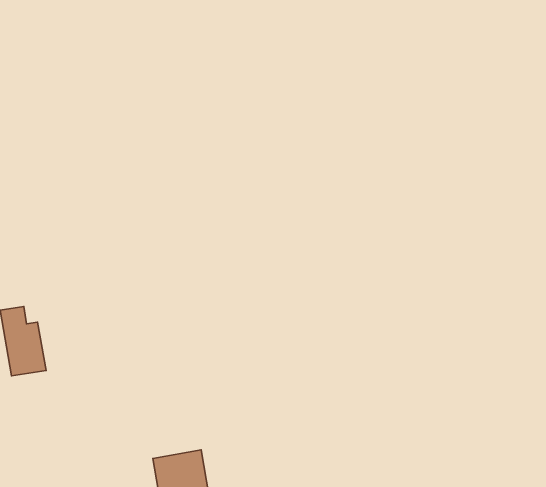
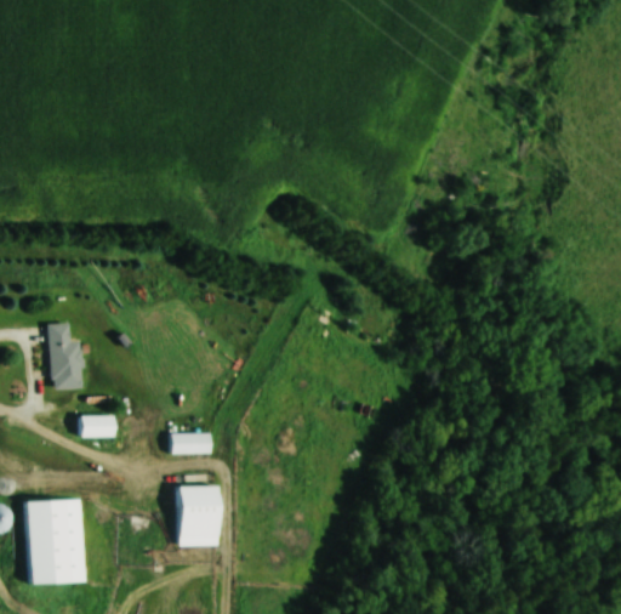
building: none -> [78,414,115,437]
building: none -> [171,431,215,453]

